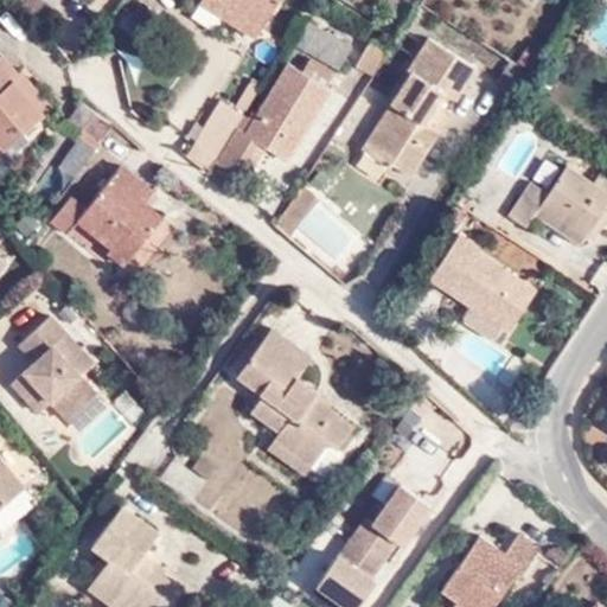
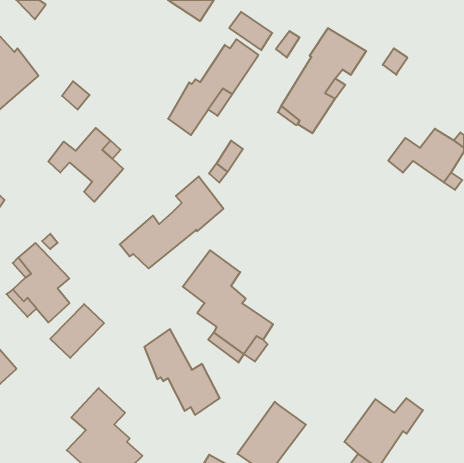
building: [187,77,262,175] -> none
building: none -> [120,176,223,268]
building: [424,242,531,340] -> none
building: none -> [144,329,220,415]
building: [363,490,428,556] -> none

